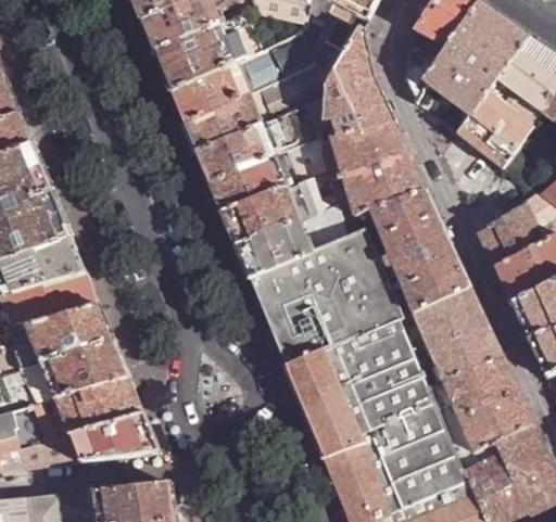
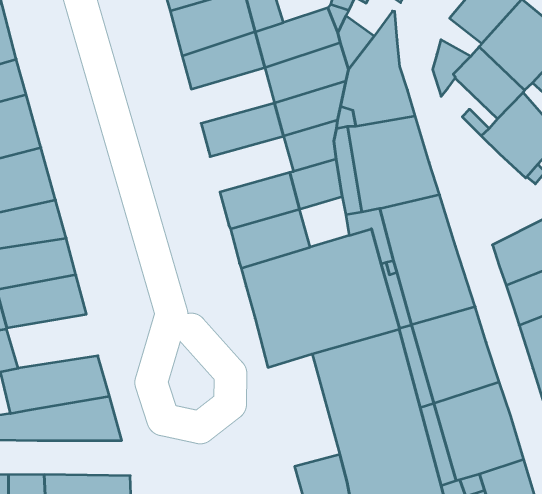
building: [186,96,264,154] -> none
building: [211,156,289,215] -> none
building: [299,205,348,255] -> none
building: [43,342,130,399] -> none
building: [288,353,364,458] -> none

